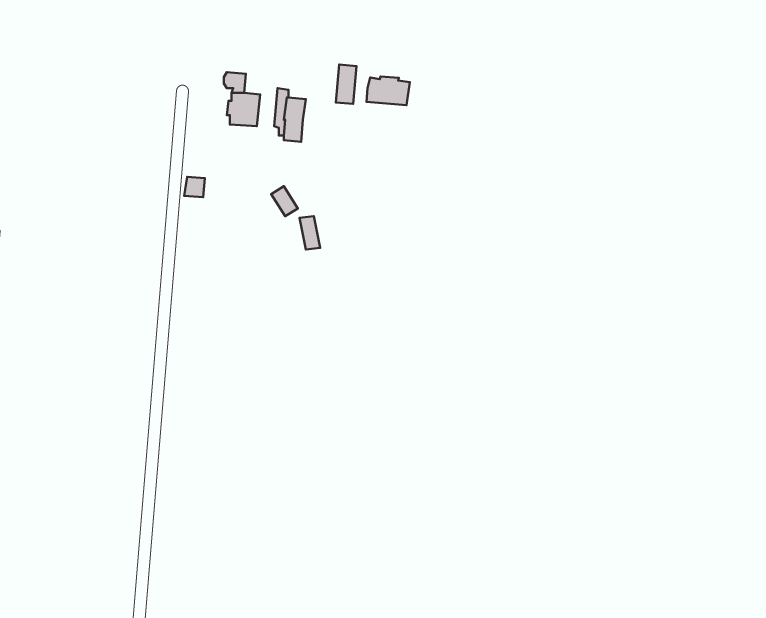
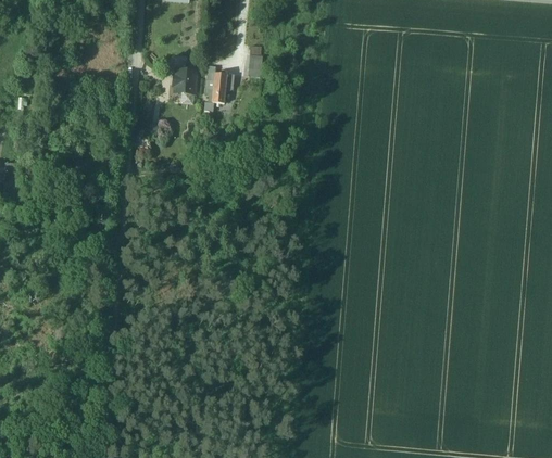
building: [366,76,410,105] -> none

